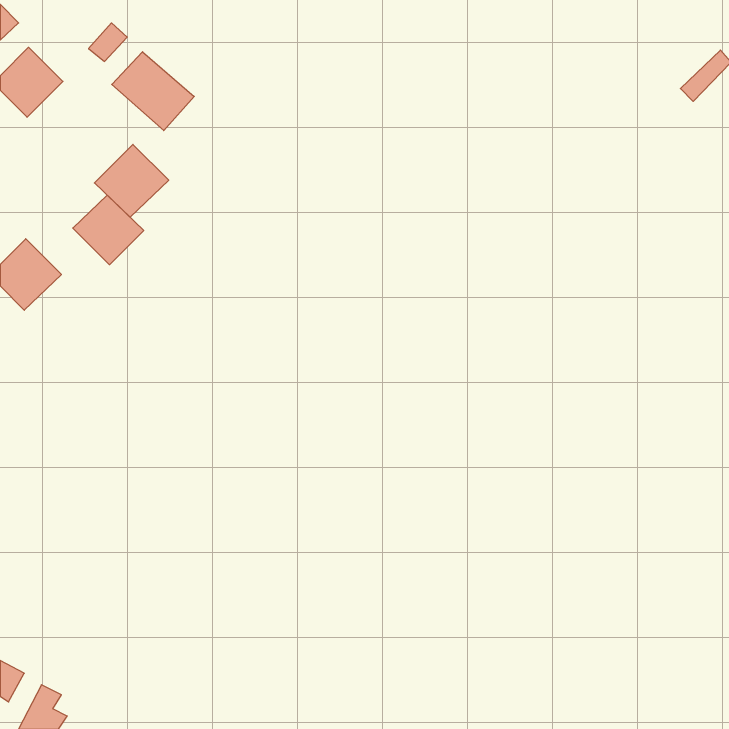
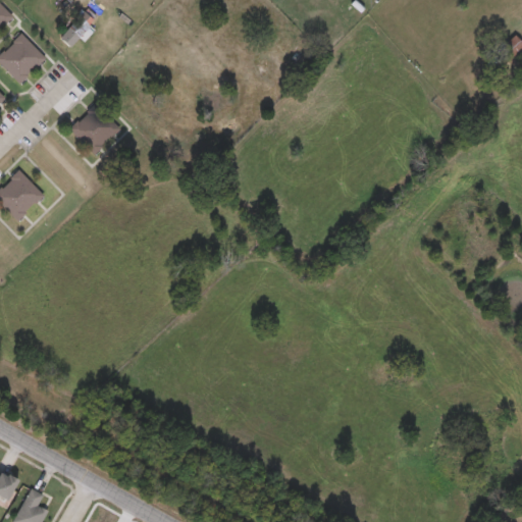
building: [112,52,194,131] -> none
building: [73,195,144,265] -> none

